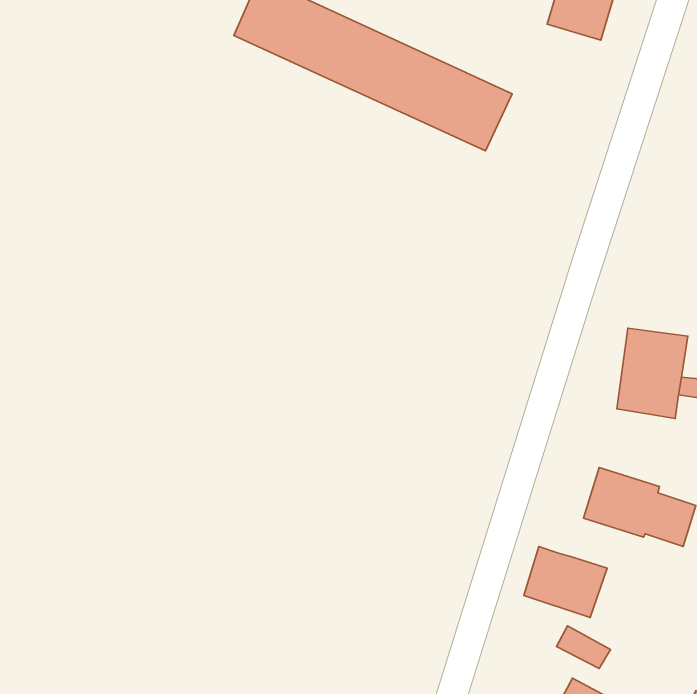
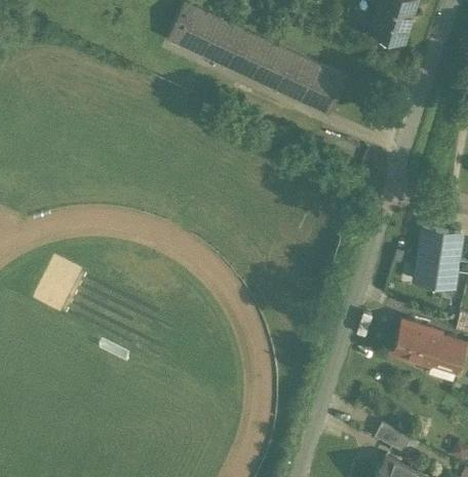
building: [524,547,607,618] -> none

